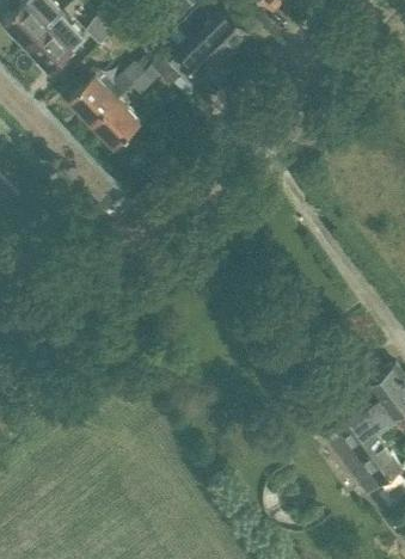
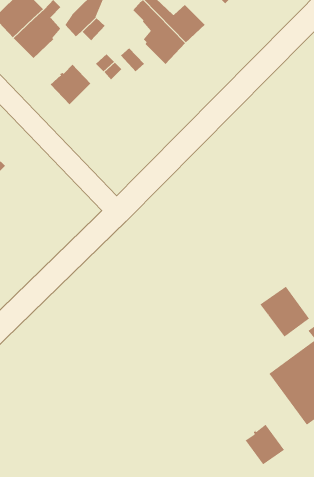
building: [88,99,136,147] -> none
building: none -> [259,286,310,338]
building: none -> [245,424,285,465]

